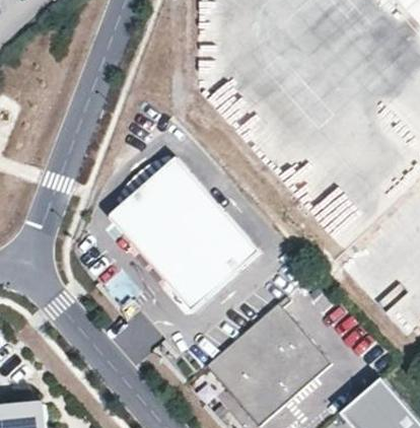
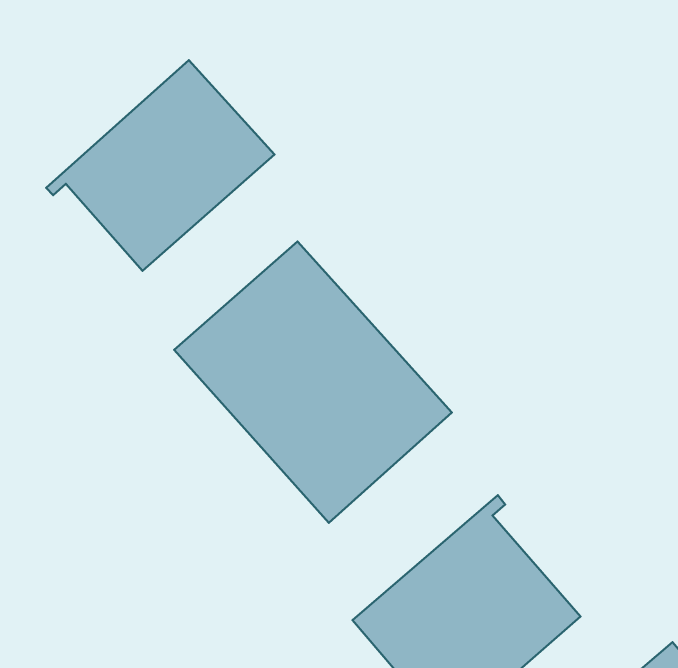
building: none -> [46,60,274,271]

